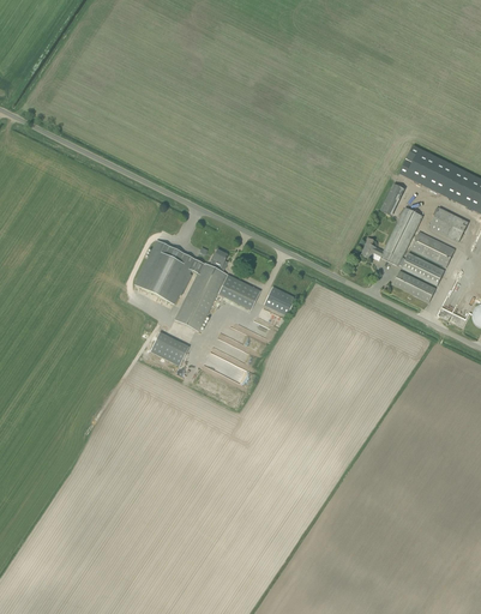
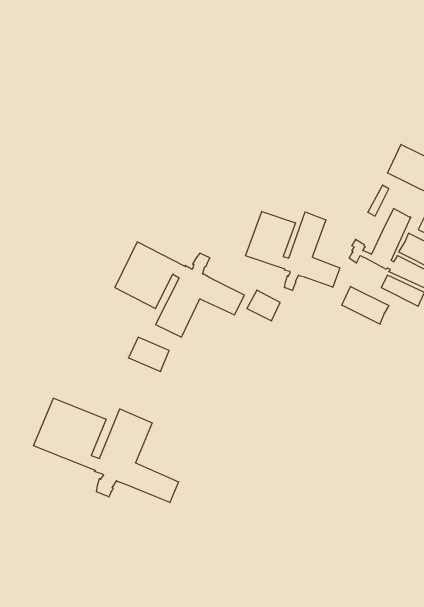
building: none -> [245,211,340,290]
building: none -> [342,286,389,324]
building: none -> [34,398,178,503]

